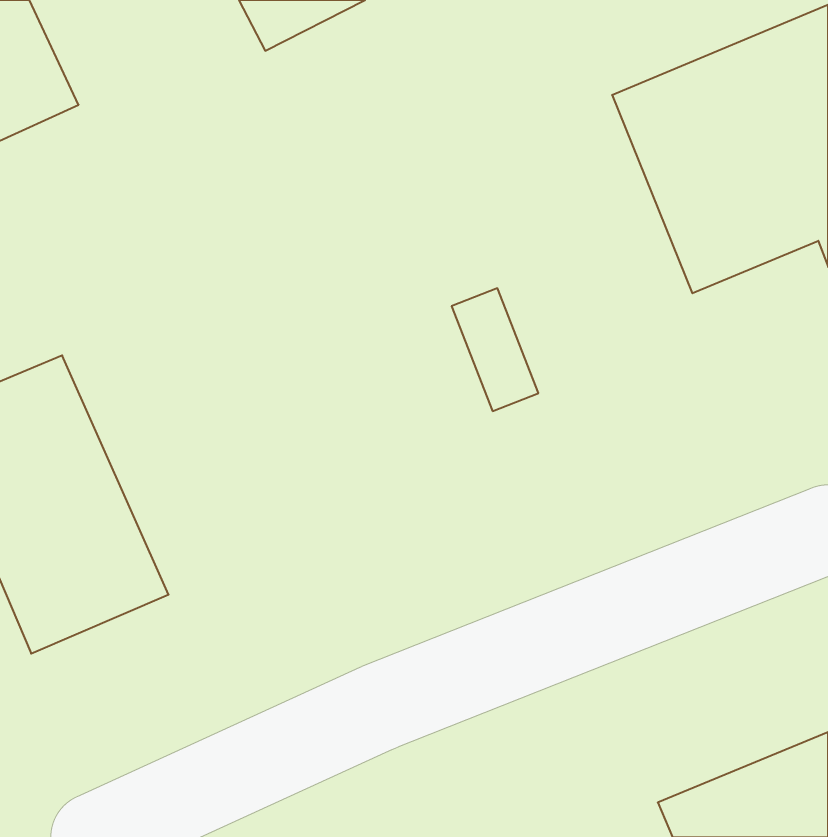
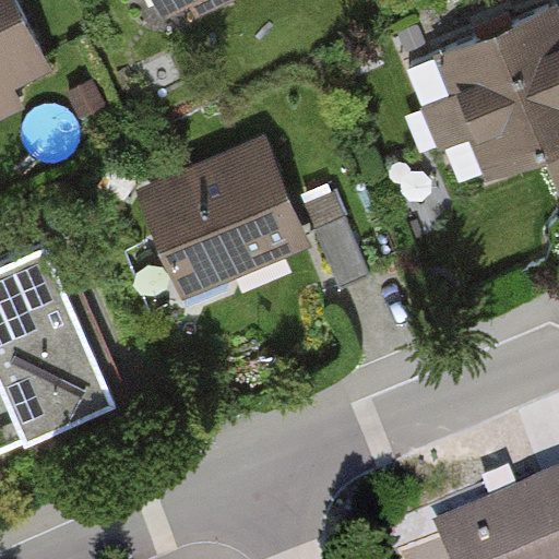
building: none -> [139,142,311,302]

